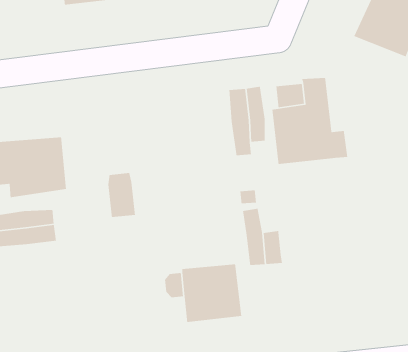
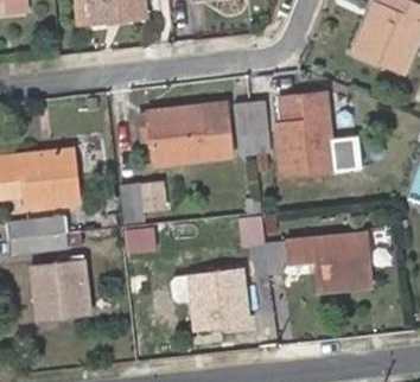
building: none -> [148,104,233,164]
building: none -> [289,233,374,291]
building: none -> [32,260,90,319]

